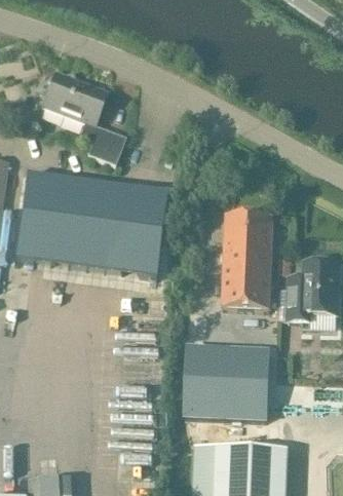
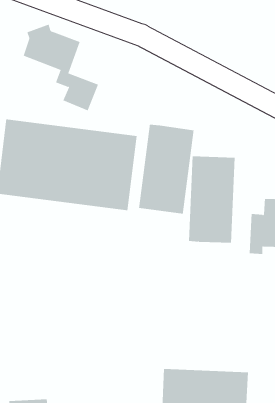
building: none -> [139,124,194,214]
building: [186,343,269,417] -> none

